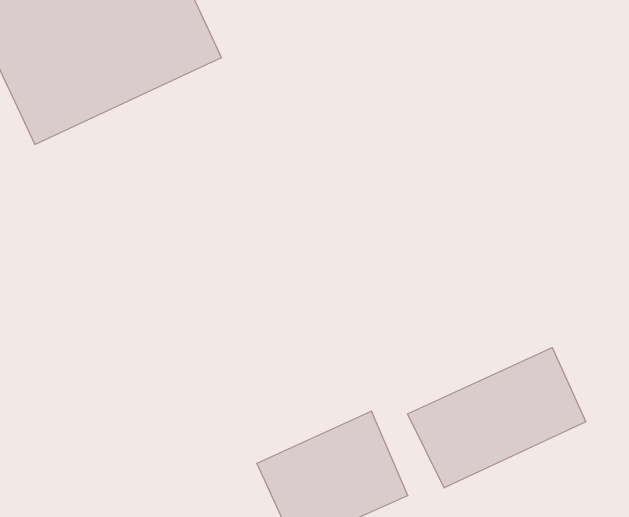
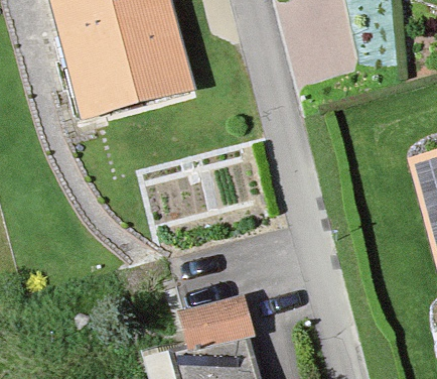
building: [407,348,586,488] -> none

